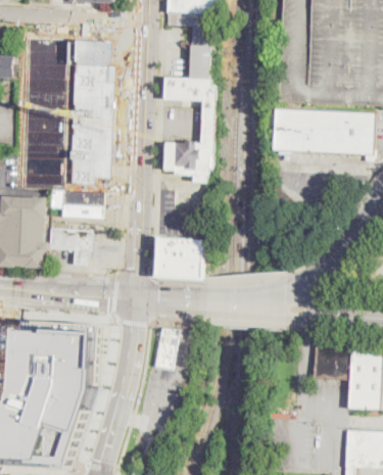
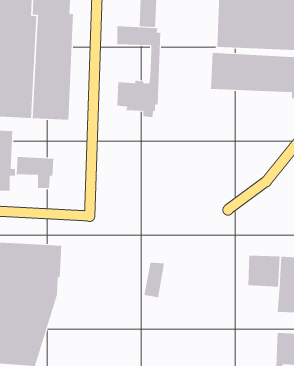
building: [50,190,104,219] -> none
building: [153,237,205,276] -> none
building: [153,328,178,369] -> [144,262,165,298]

